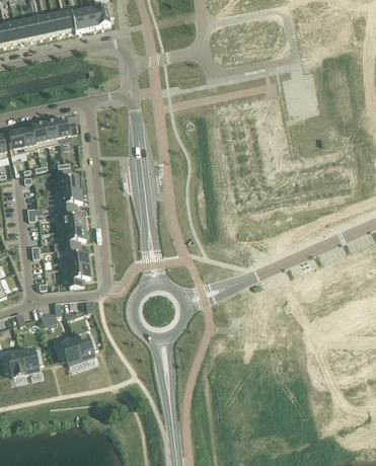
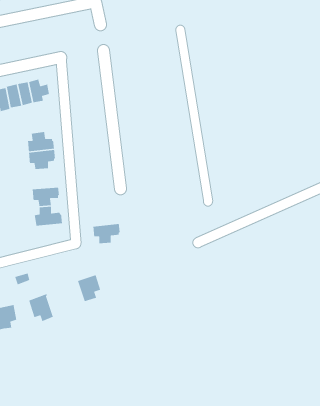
building: [57,208,85,228] -> none
building: [62,263,90,285] -> [93,223,120,244]
building: [73,330,97,359] -> [77,274,101,302]

